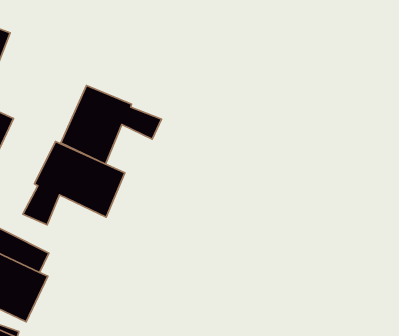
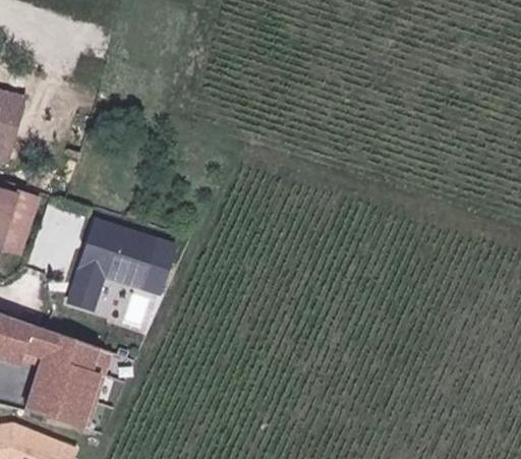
building: [61,85,161,164] -> none

